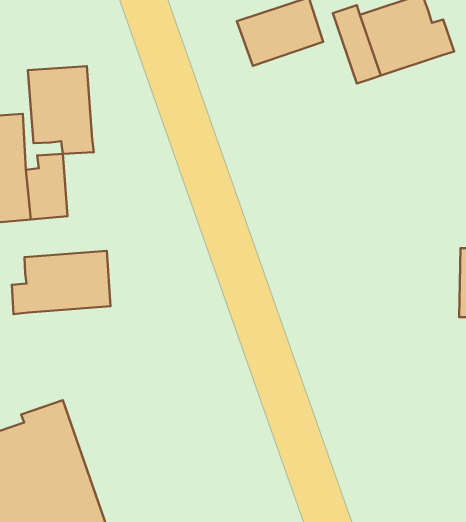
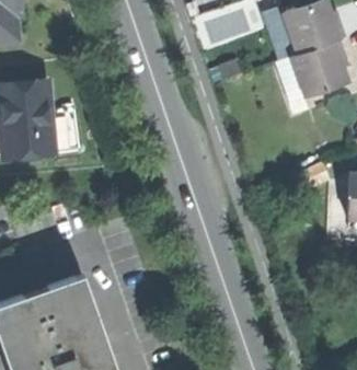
building: none -> [288,42,346,100]
building: [28,66,94,154] -> none
building: [12,251,110,314] -> none

